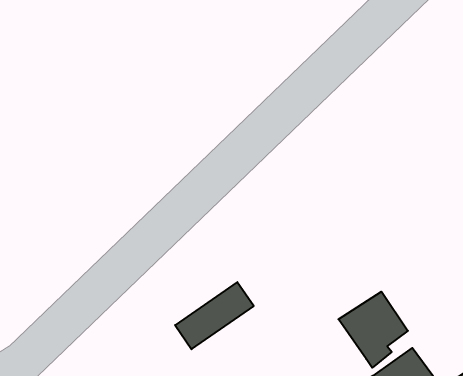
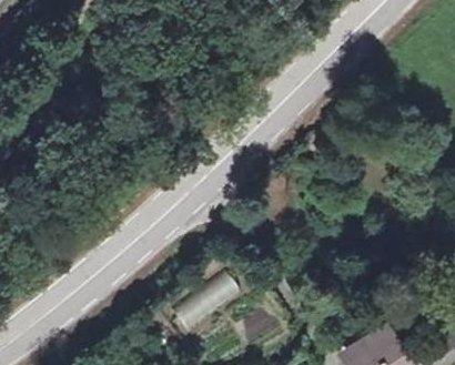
building: [338,292,408,368] -> none

